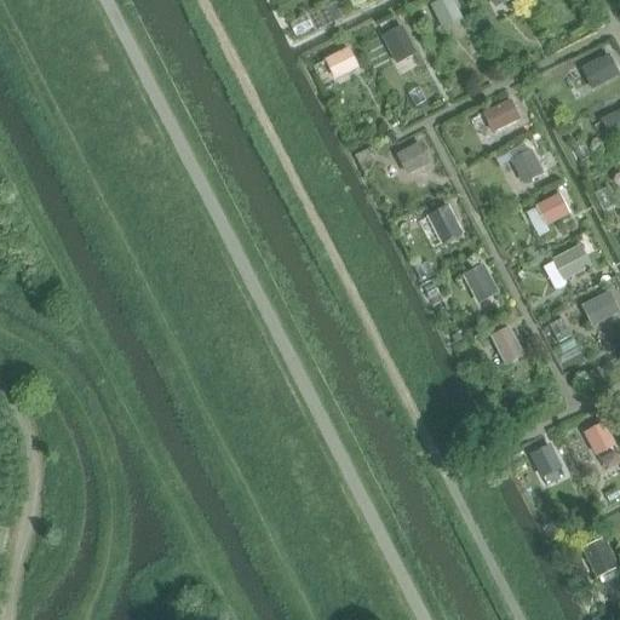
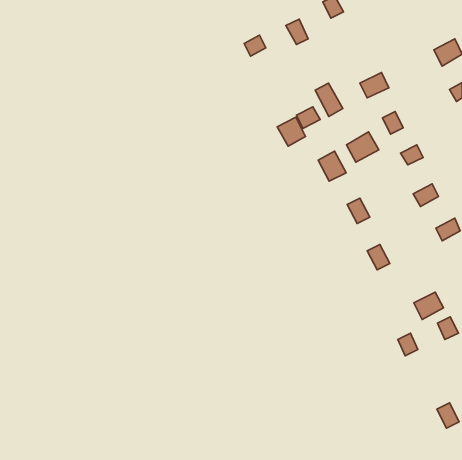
building: none -> [315,83,343,117]
building: none -> [277,117,306,146]
building: none -> [347,132,379,162]
building: none -> [414,292,444,319]

